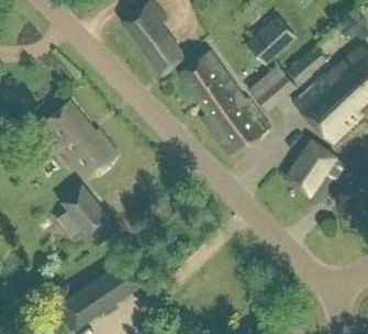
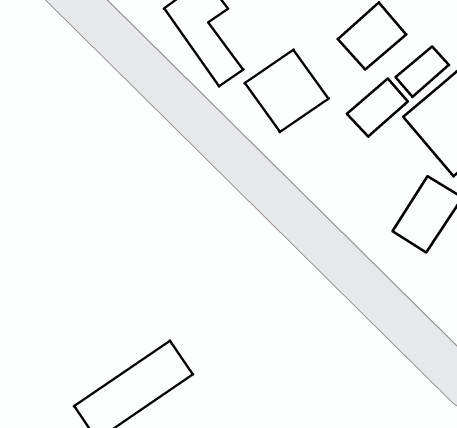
building: [200,86,268,155] -> none
building: [38,99,114,177] -> none
building: [56,183,119,248] -> none

